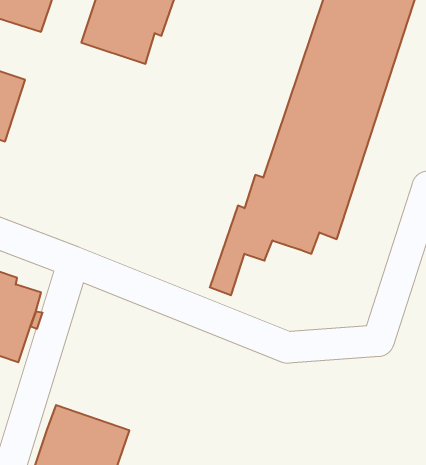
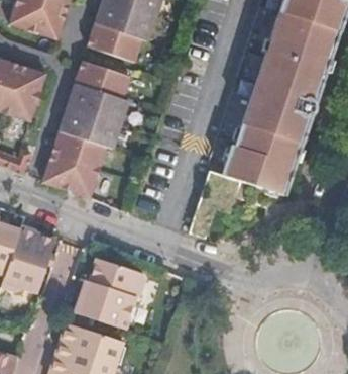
building: none -> [42,66,130,198]
building: none -> [75,258,146,329]

